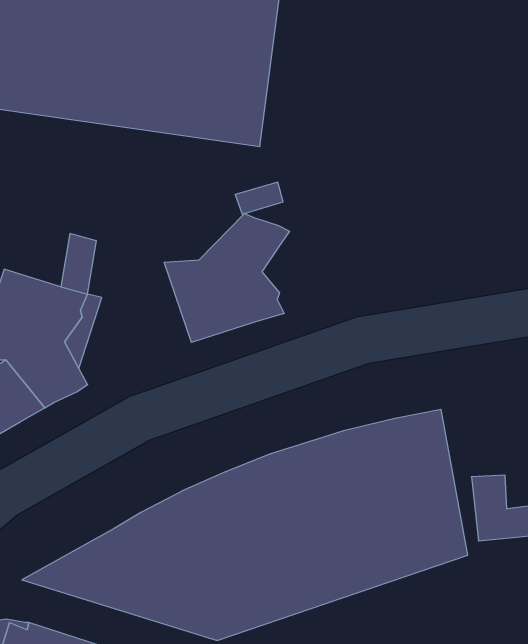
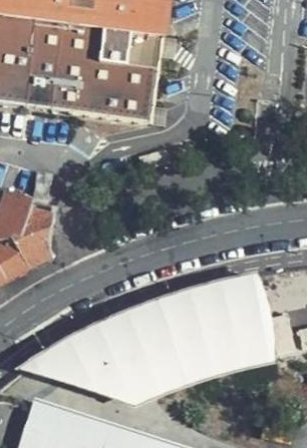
building: [164,213,290,342] -> none

